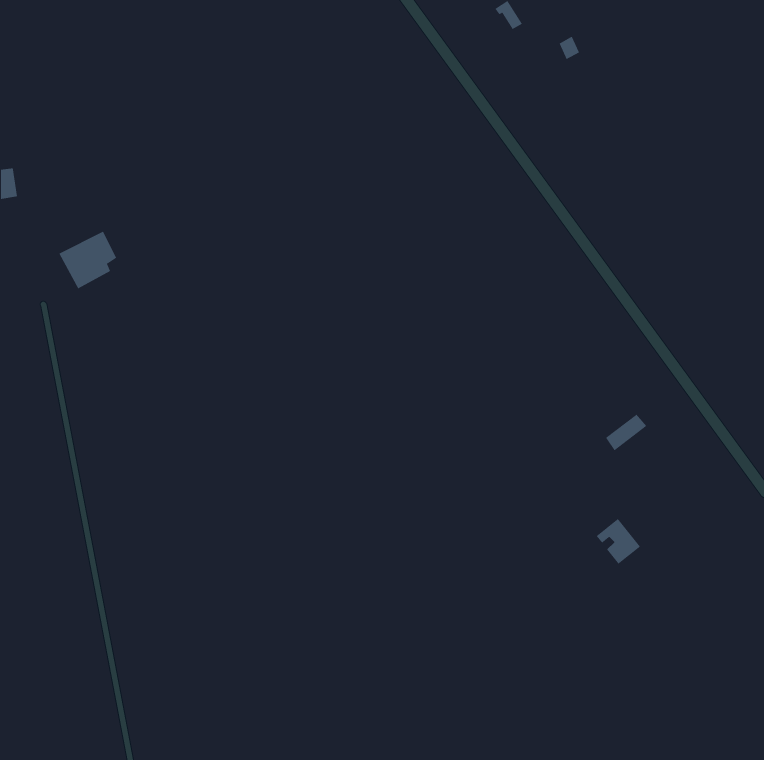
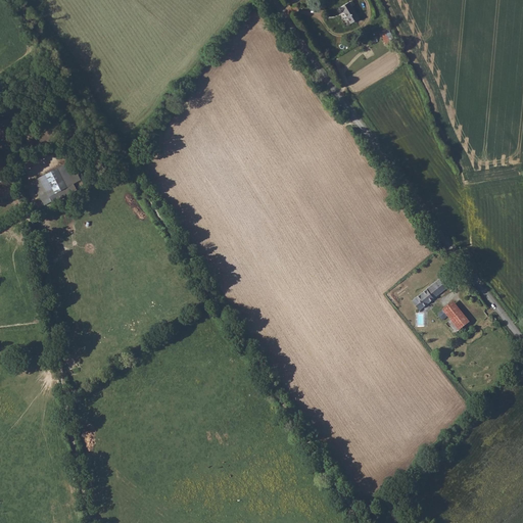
building: [596,518,641,565] -> [439,301,470,333]

